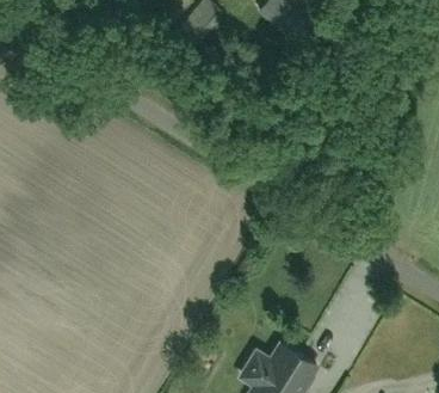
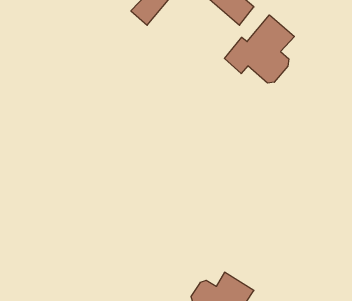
building: none -> [224,15,294,83]

